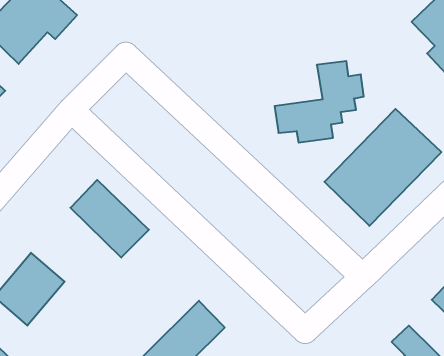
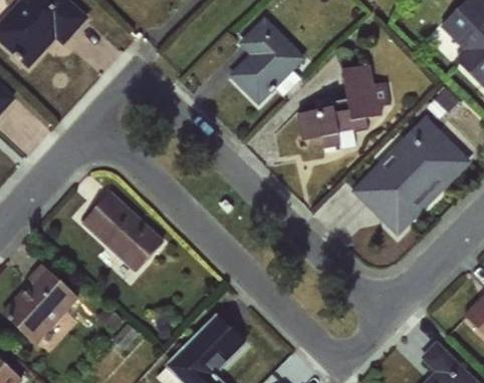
building: none -> [227,16,305,104]

